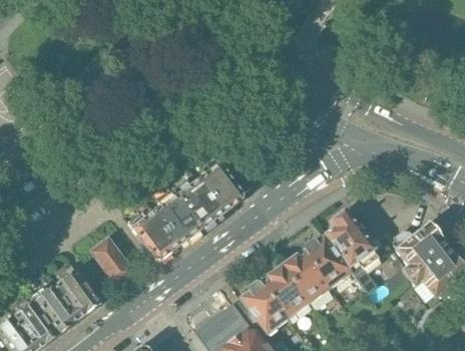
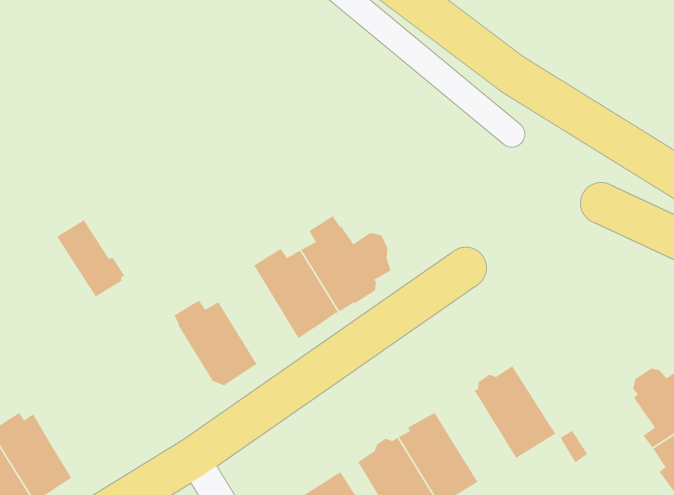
building: [154,191,201,247] -> none
building: [325,213,379,268] -> none
building: [92,240,133,284] -> [56,219,125,298]
building: [283,252,331,304] -> none
building: [54,267,100,320] -> none

